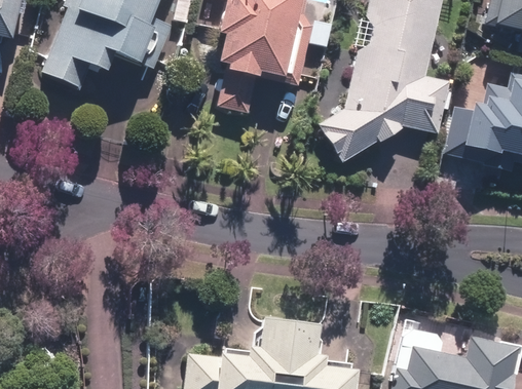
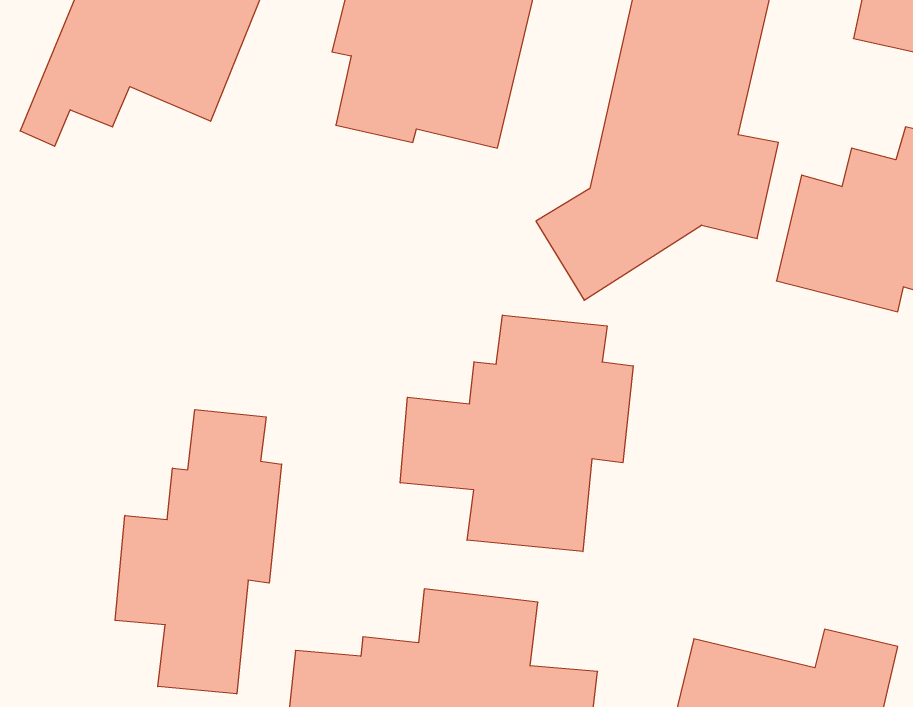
building: none -> [400,315,633,552]
building: none -> [115,410,282,694]

